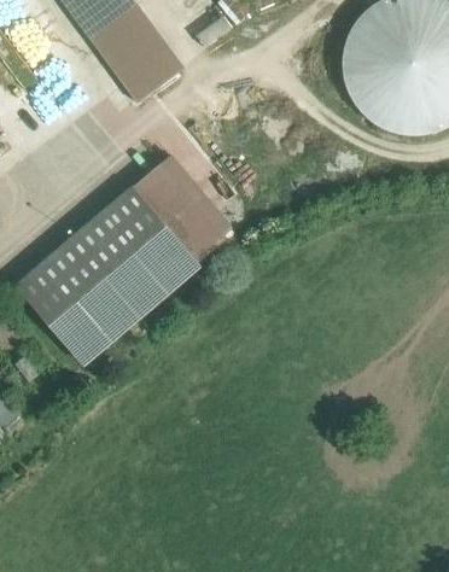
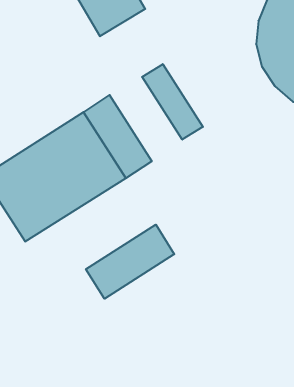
building: none -> [142,64,203,140]
building: none -> [86,225,174,299]

